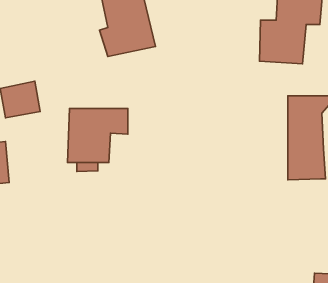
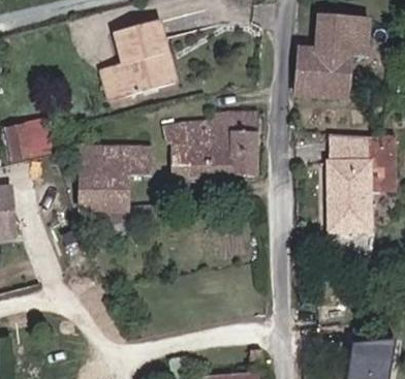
building: none -> [168,115,261,177]

